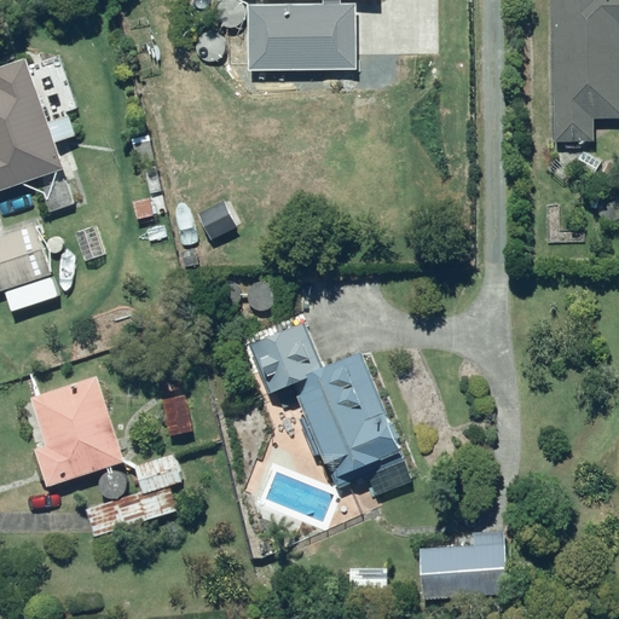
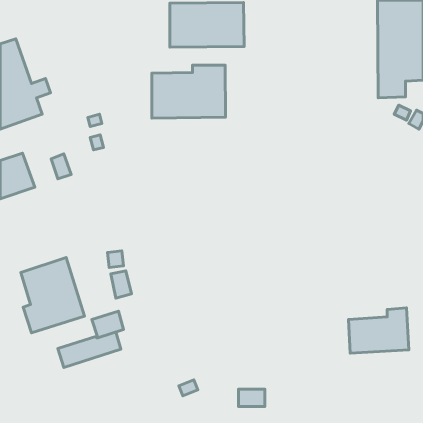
building: none -> [152,65,226,118]
building: [249,322,411,496] -> none
building: [418,532,507,598] -> [348,308,409,353]

